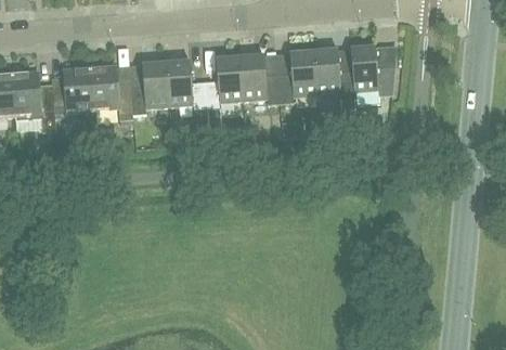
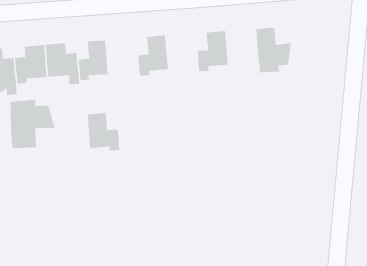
building: [313,47,354,96] -> none
building: [238,53,280,102] -> none
building: [165,59,206,107] -> [87,112,120,151]
building: none -> [9,99,56,149]

